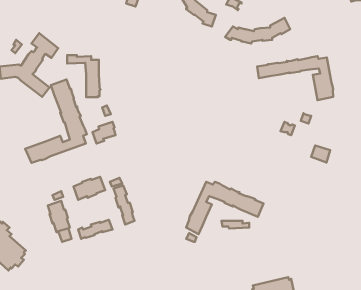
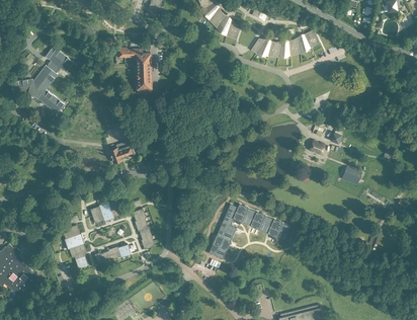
building: [67,55,101,97] -> [116,48,152,92]
building: [257,56,333,100] -> none
building: [25,80,87,163] -> none

